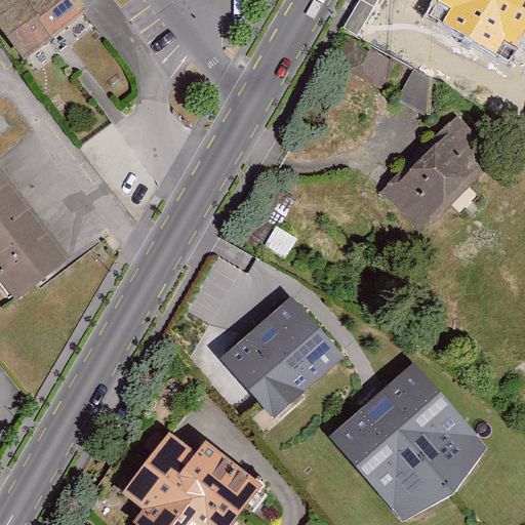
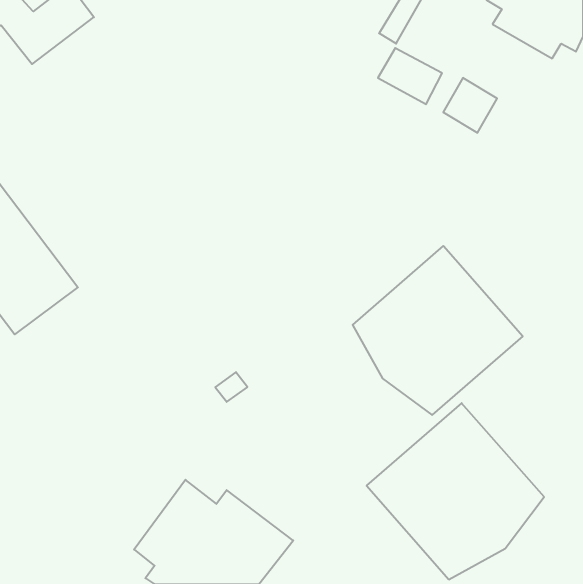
building: [383,120,497,234] -> none
building: none -> [353,246,523,415]
building: [218,295,341,416] -> none

